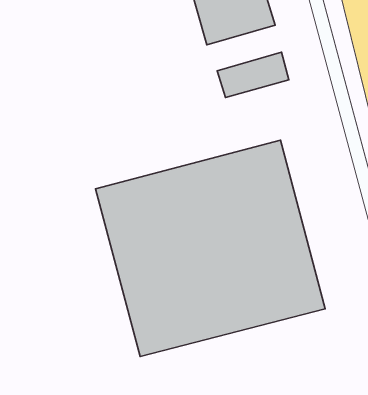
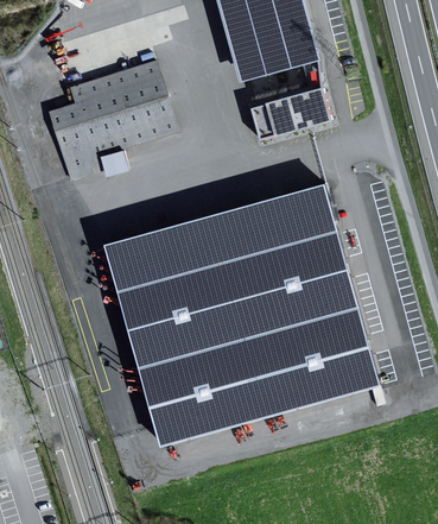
building: none -> [46,57,182,182]

